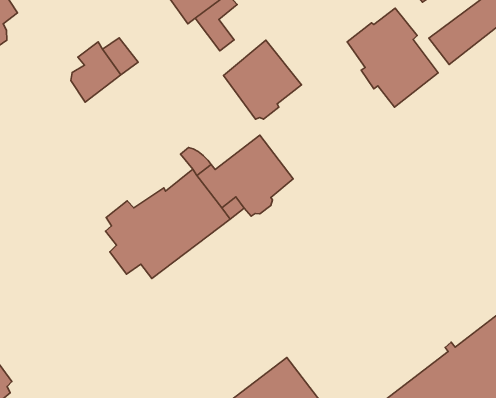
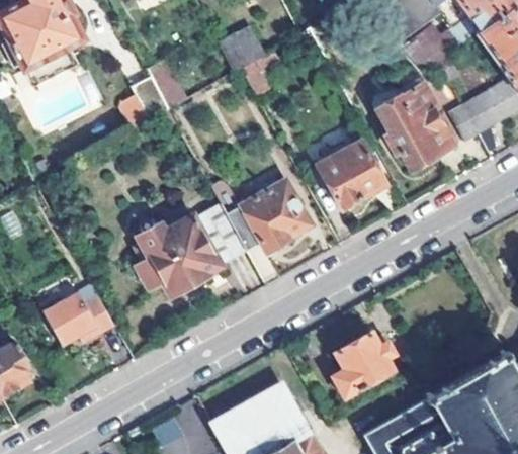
building: [224,40,301,119] -> [317,140,385,210]
building: none -> [42,289,114,345]
building: none -> [332,333,393,397]

